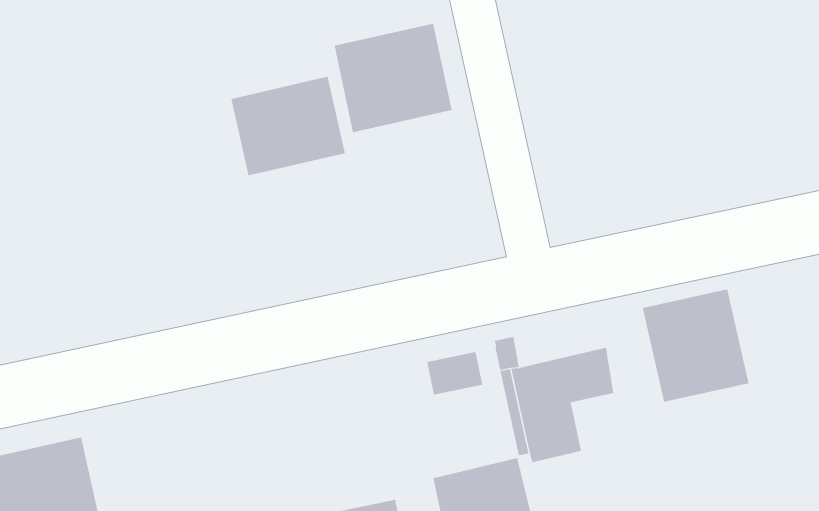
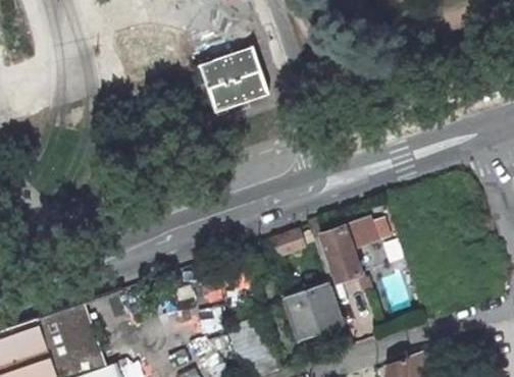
building: [231,76,345,176] -> none
building: [642,289,749,403] -> none

